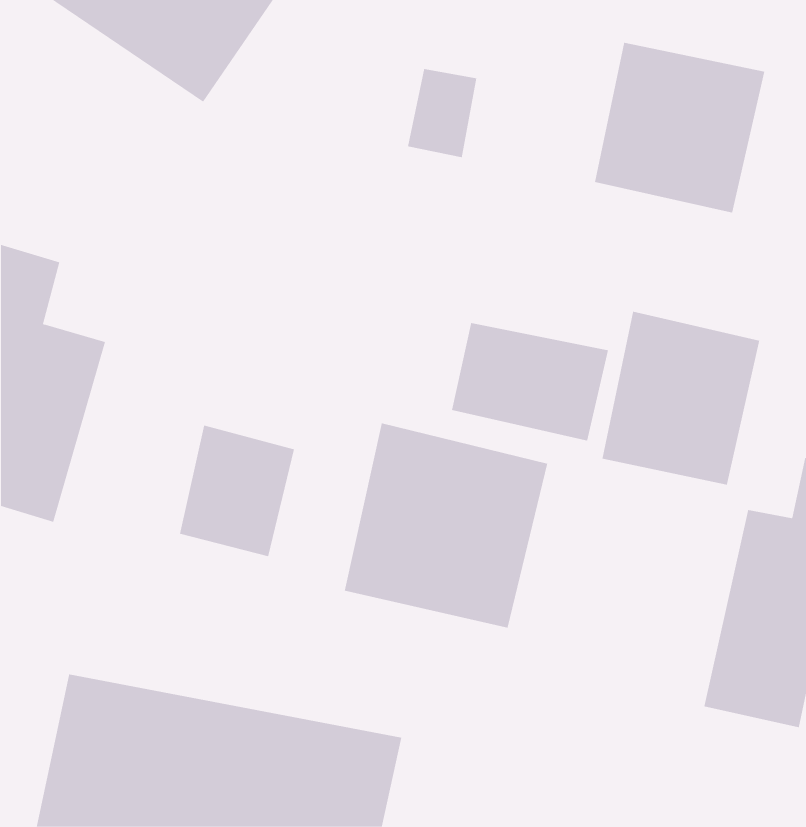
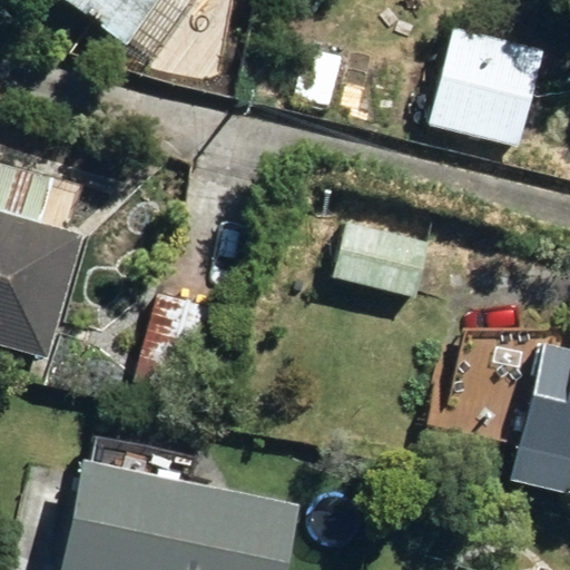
building: [602,311,760,486] -> none
building: [344,422,548,629] -> none

